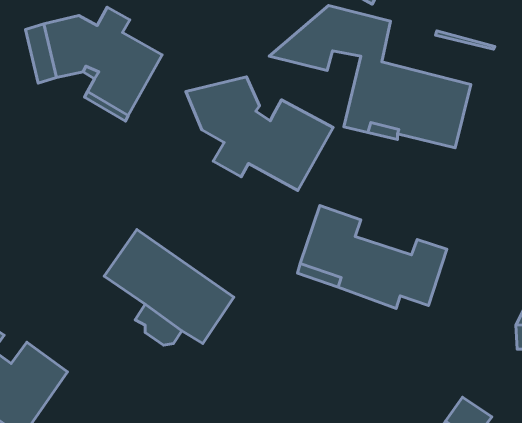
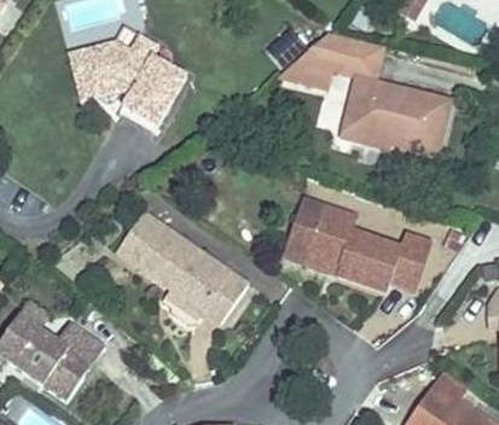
building: [186,77,333,191] -> none
building: none -> [117,211,164,264]

